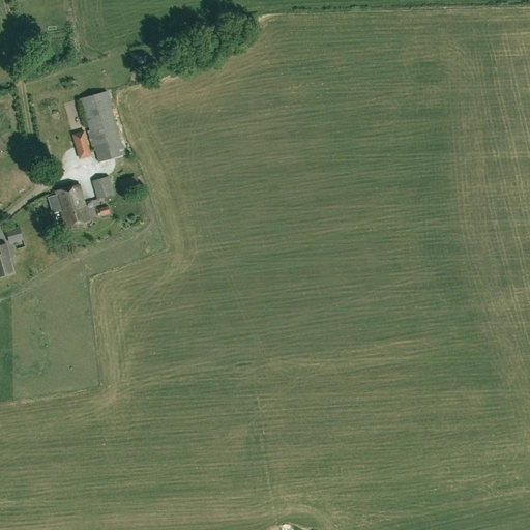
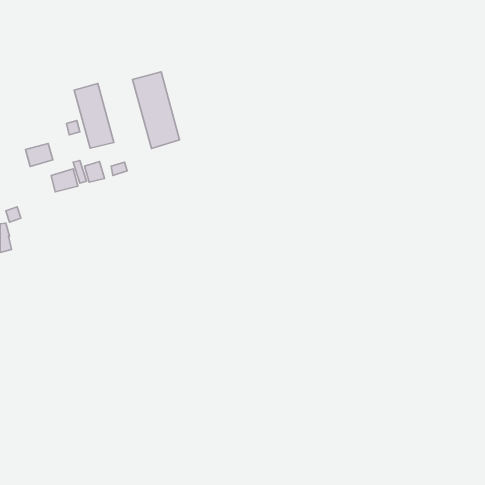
building: none -> [133,72,179,148]
building: [60,203,90,228] -> [25,144,53,166]

